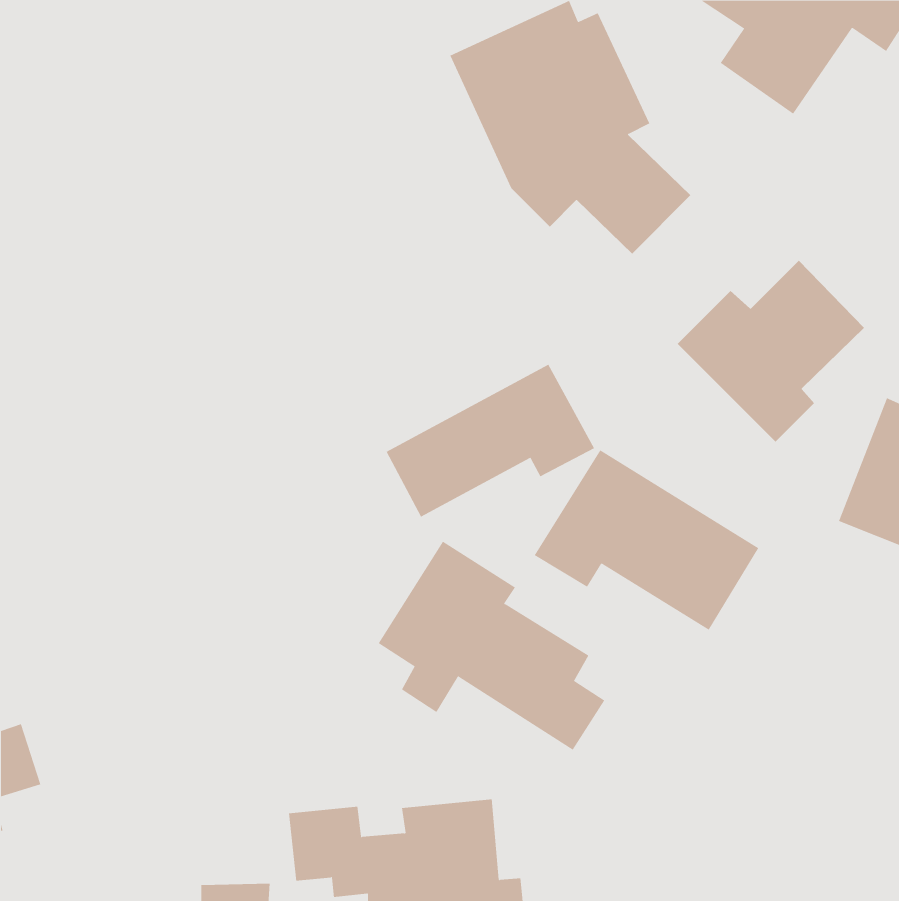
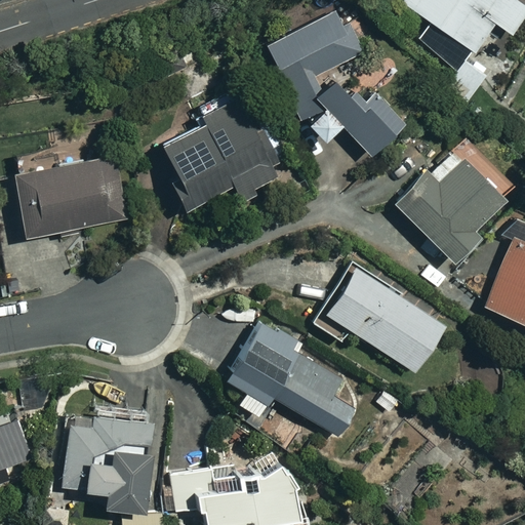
building: none -> [160,98,282,209]
building: none -> [13,155,126,246]
building: [386,364,595,517] -> none
building: none -> [63,415,154,507]

